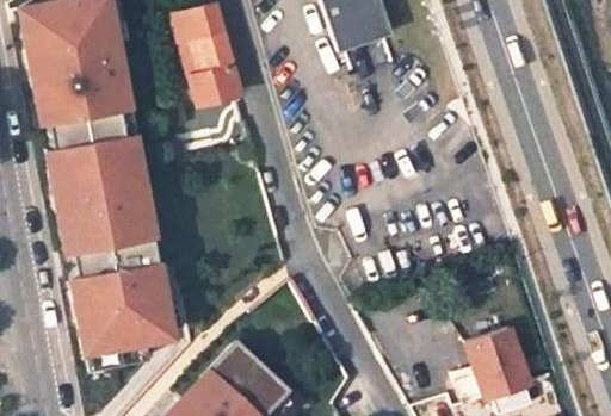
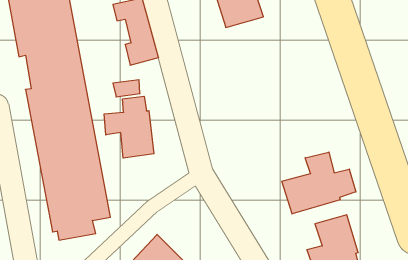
building: none -> [104,96,154,158]
building: none -> [282,152,356,214]

